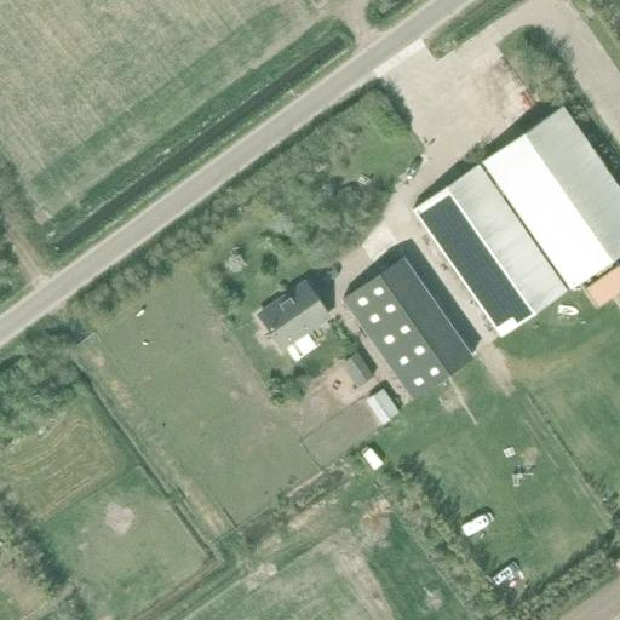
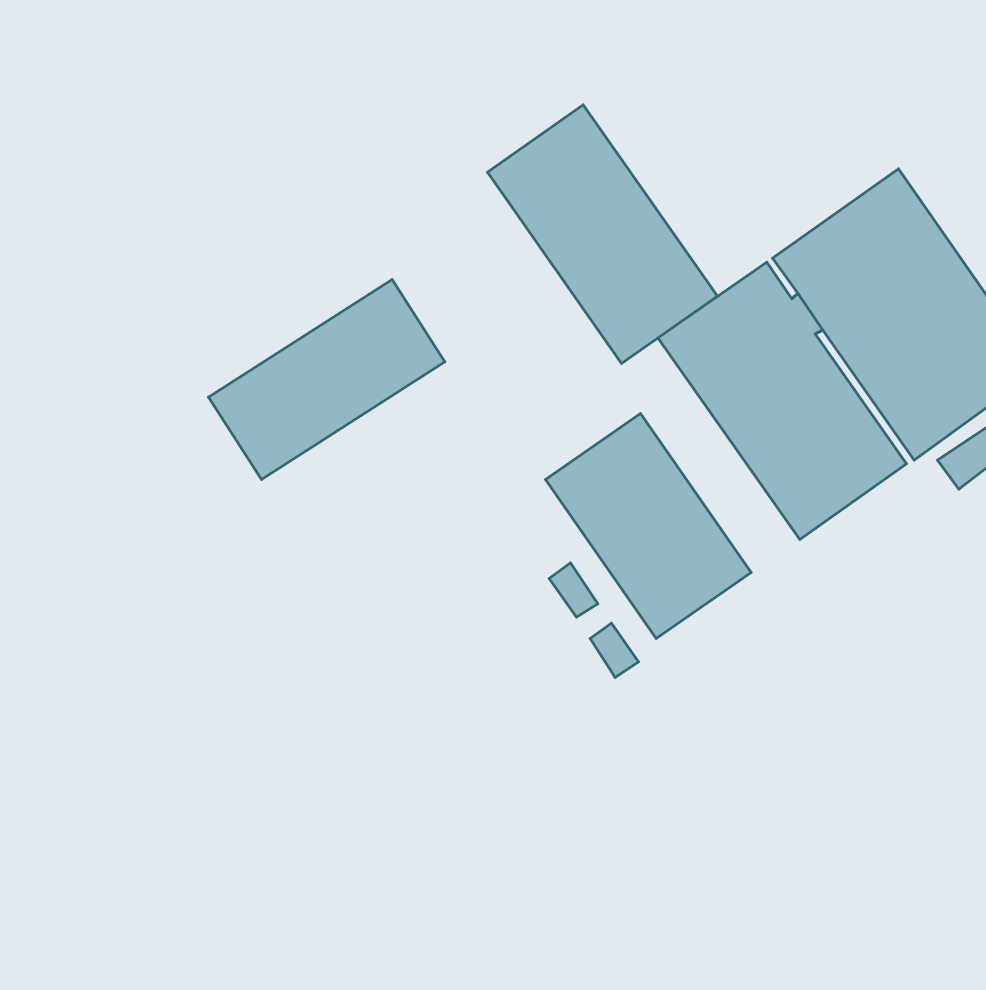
building: none -> [487,105,717,363]
building: none -> [209,280,445,480]
building: [258,281,326,344] -> none

